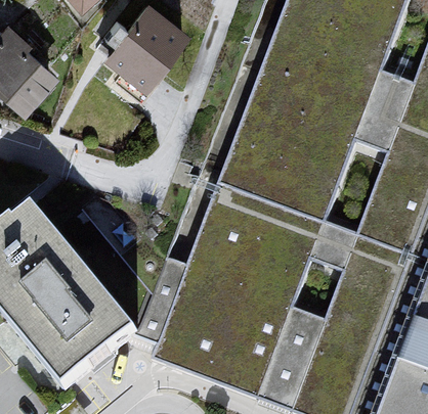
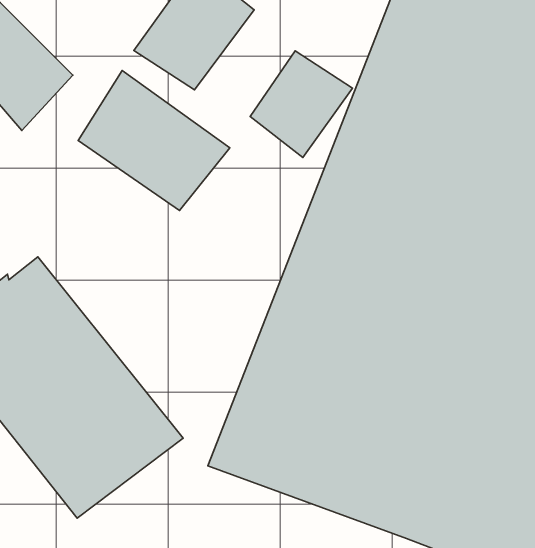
building: none -> [250,51,352,158]
building: none -> [78,71,230,210]

